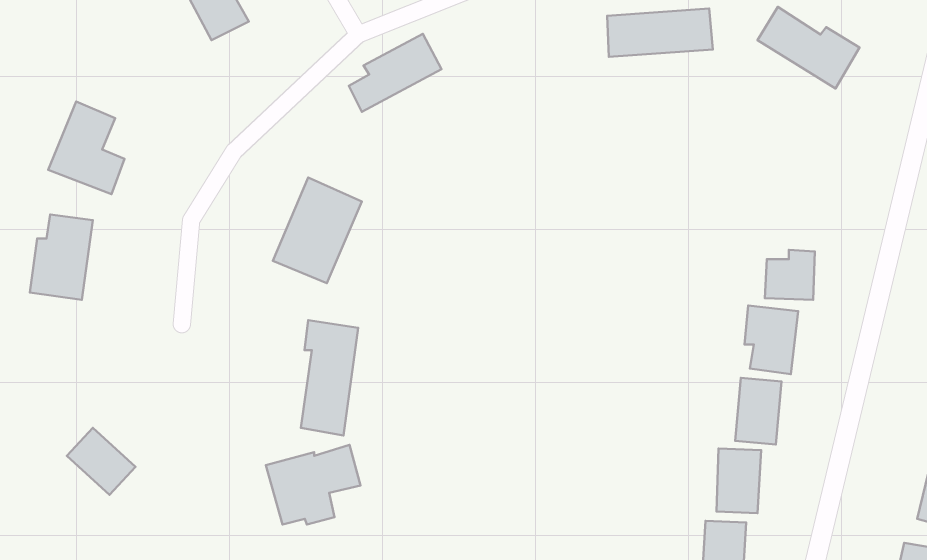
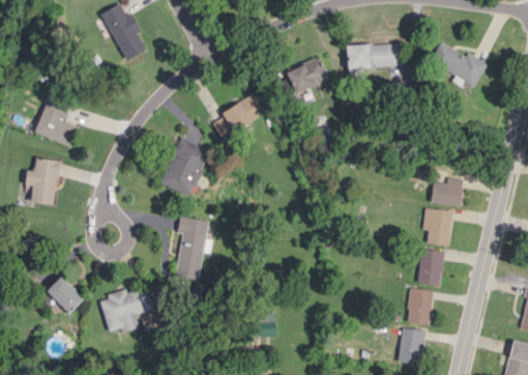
building: [349,34,442,112] -> [212,94,264,138]
building: none -> [286,57,328,93]
building: [266,445,361,525] -> [99,287,152,331]

